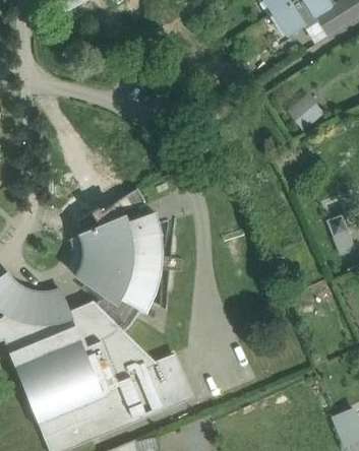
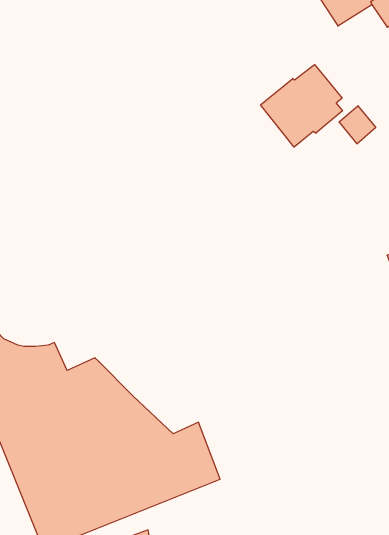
building: none -> [261,65,343,147]
building: [75,189,161,332] -> none

